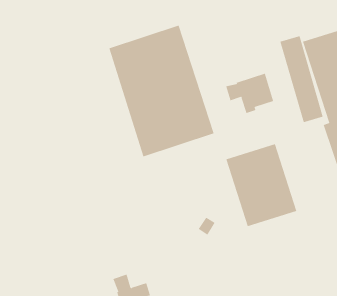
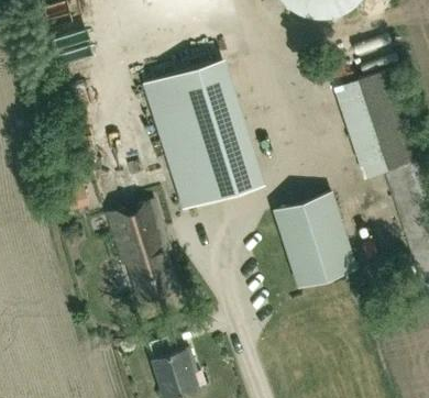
building: [226,73,274,114] -> none
building: none -> [108,201,178,303]

